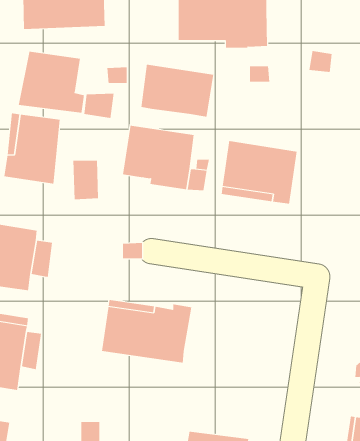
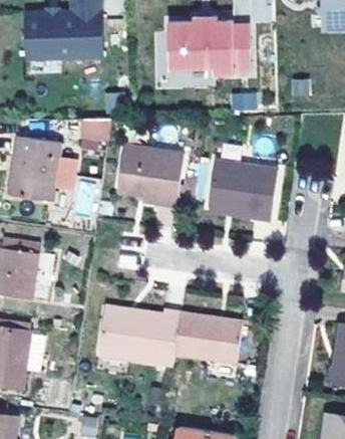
building: [18,51,84,114] -> none
building: [141,64,214,118] -> none
building: none -> [174,313,242,364]

